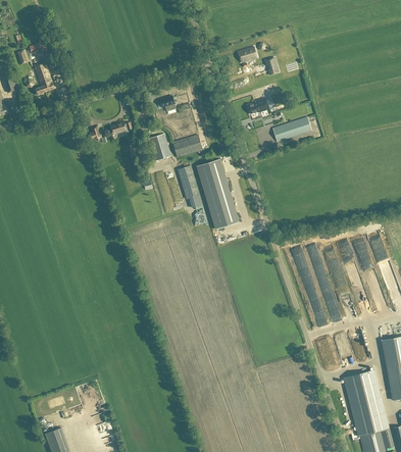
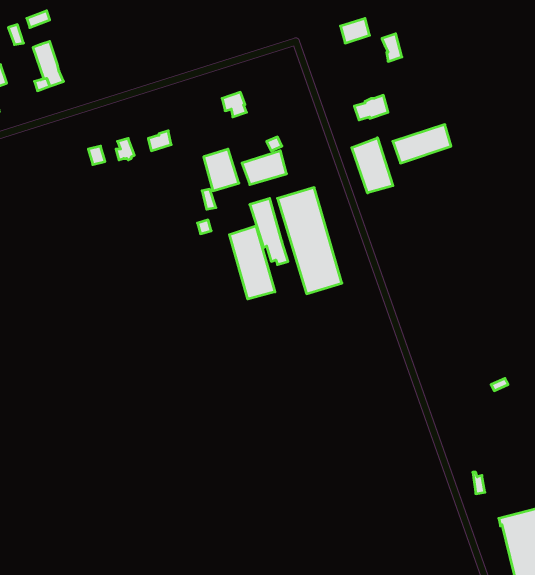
building: none -> [352,138,393,193]
building: none -> [229,226,275,299]

